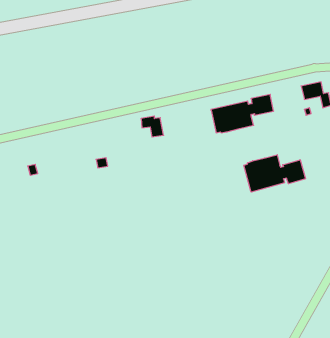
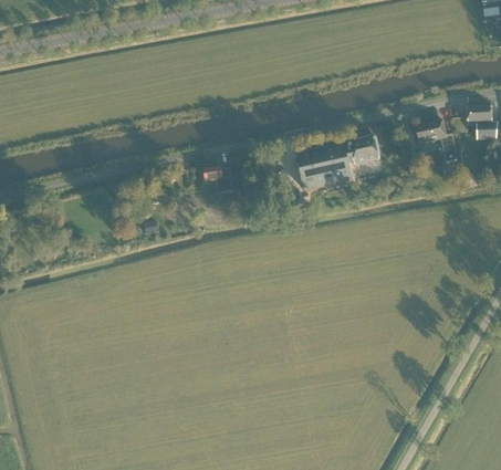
building: [244,155,306,192] -> none

